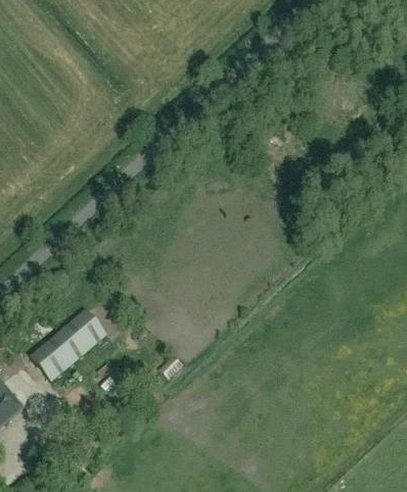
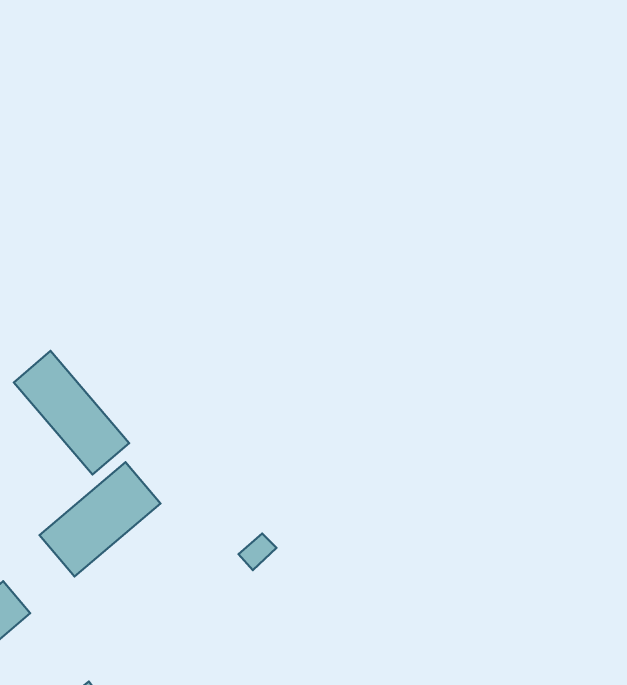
building: none -> [14,351,129,474]

